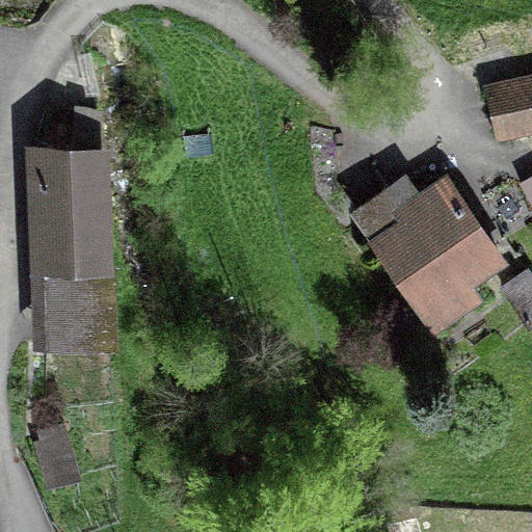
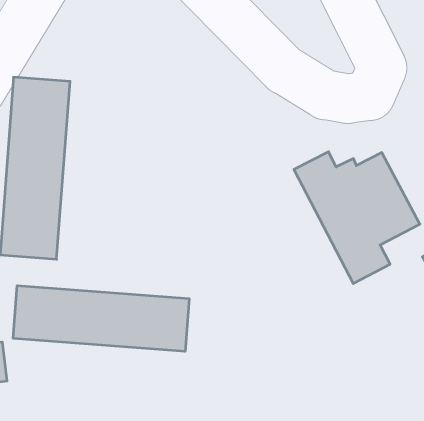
building: none -> [13,286,189,351]

